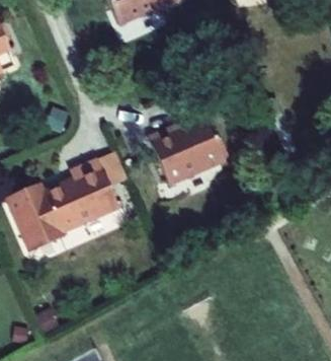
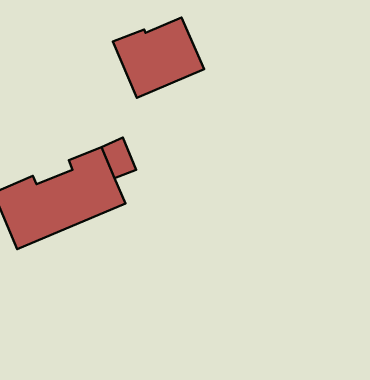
building: [148,118,225,186] -> [113,17,204,98]

